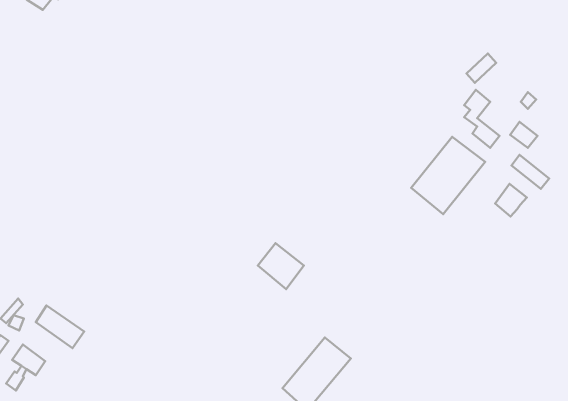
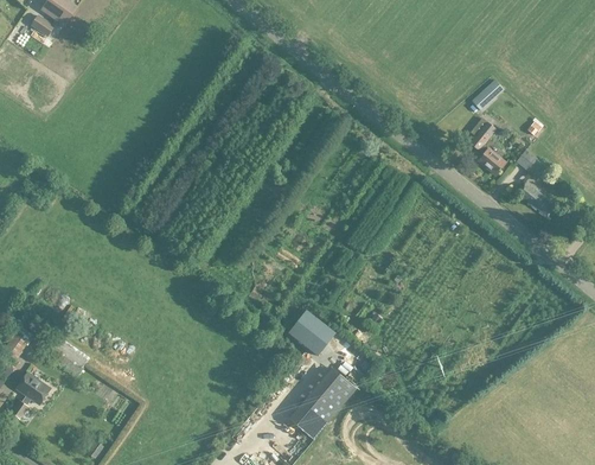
building: [411,137,485,214] -> none
building: [495,184,527,216] -> none
building: [258,243,304,289] -> [288,310,334,356]

